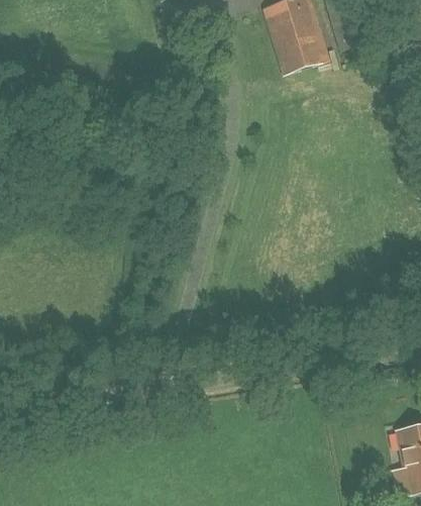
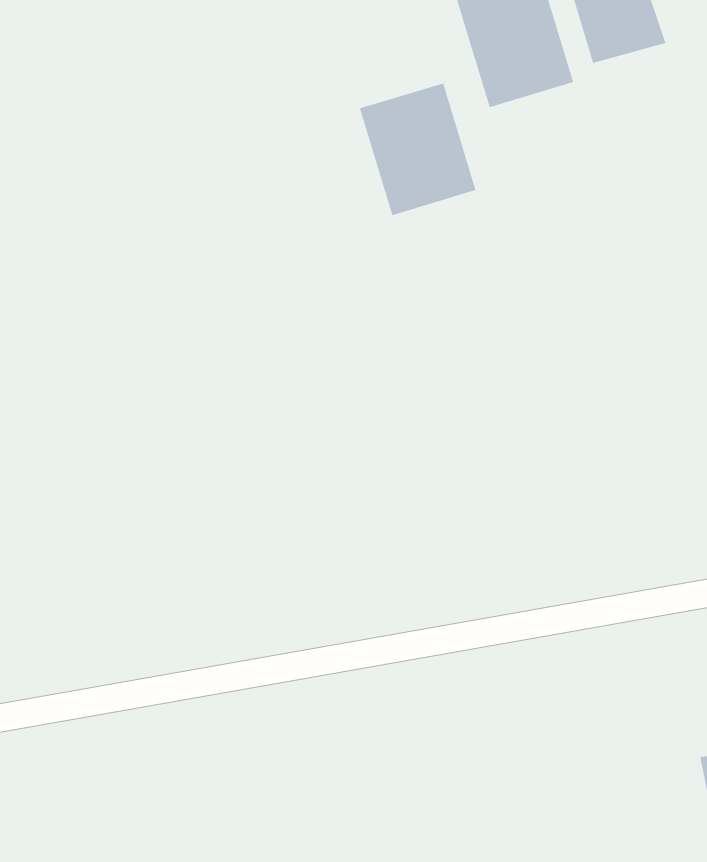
building: none -> [359,82,476,216]

